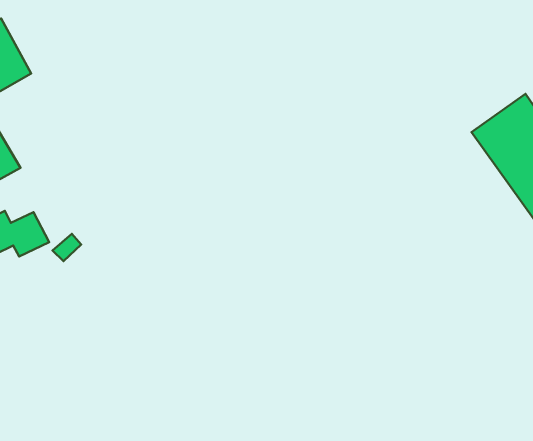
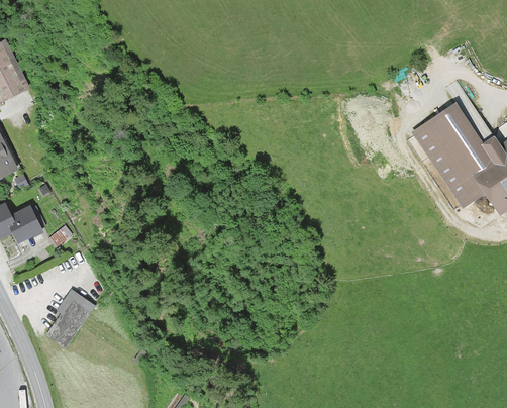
building: none -> [47,288,96,346]

